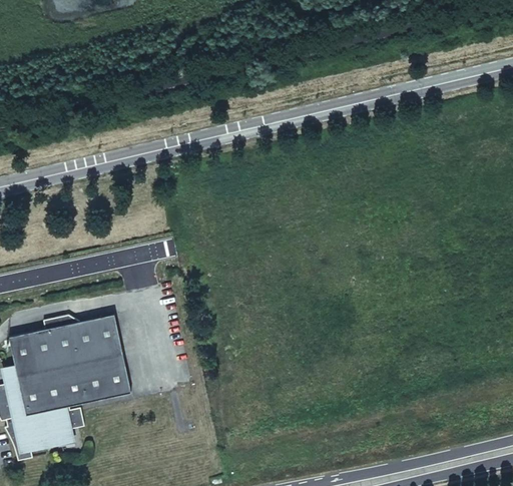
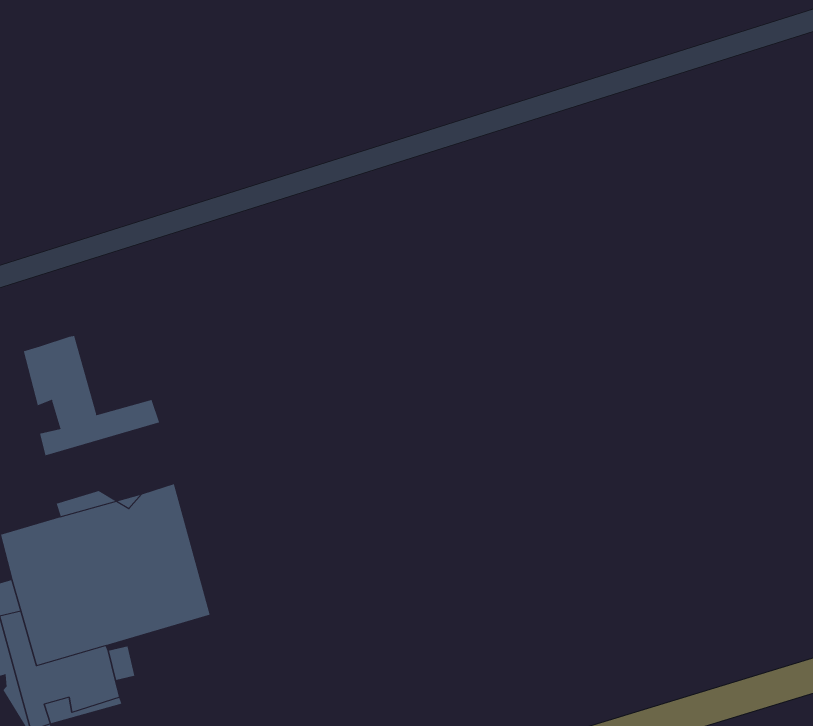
building: none -> [23,335,160,456]

